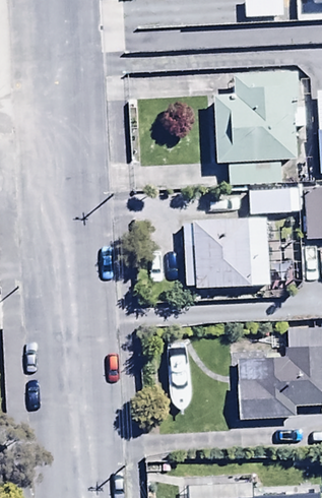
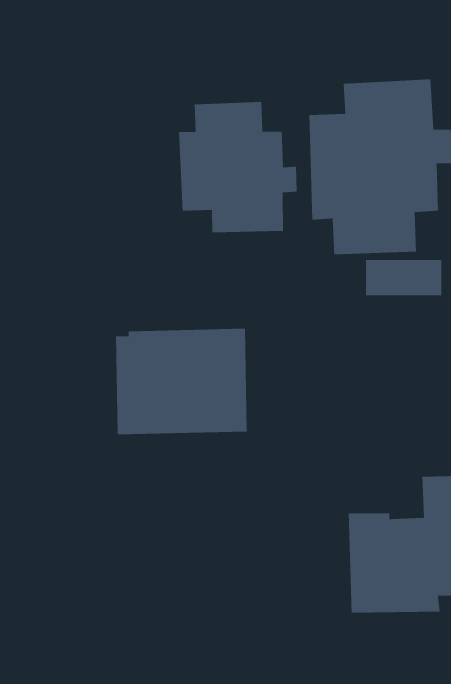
building: none -> [178,101,297,233]
building: [184,217,269,287] -> [115,328,247,435]

